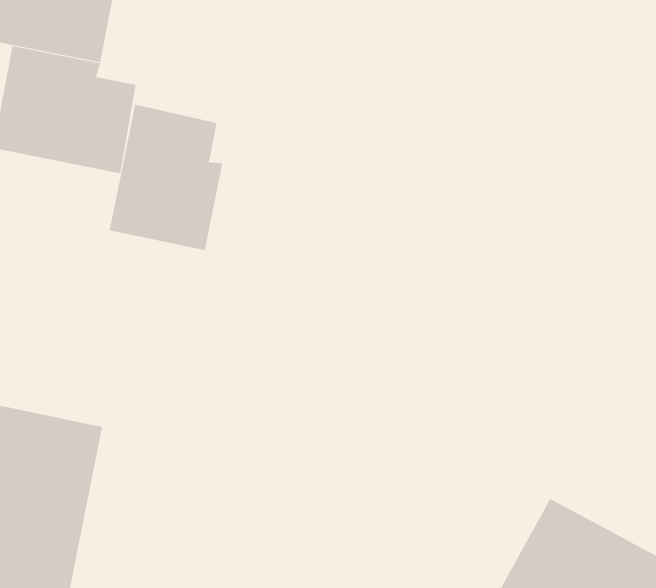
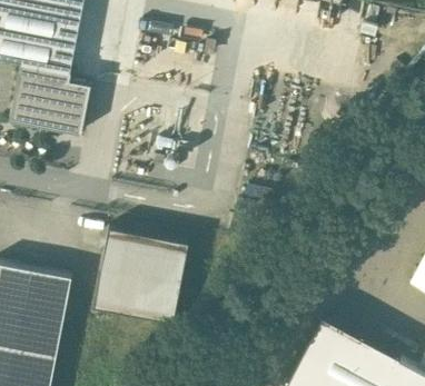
building: [109,104,223,251] -> none
building: none -> [95,229,188,321]

